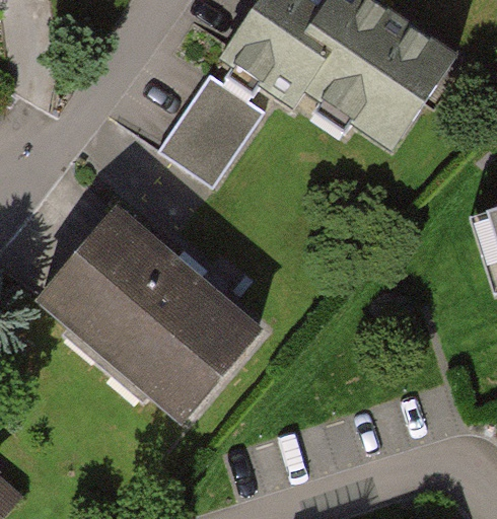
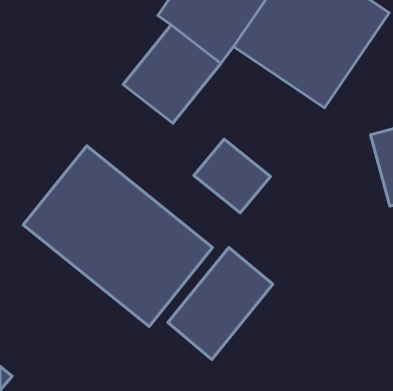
building: none -> [194,139,271,213]
building: none -> [168,247,273,360]

